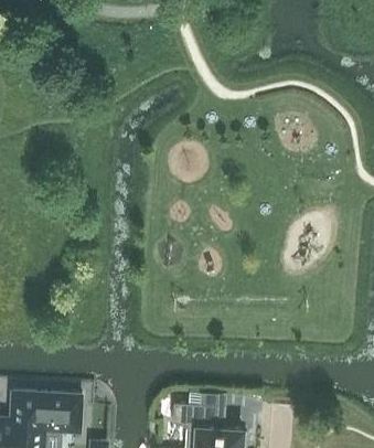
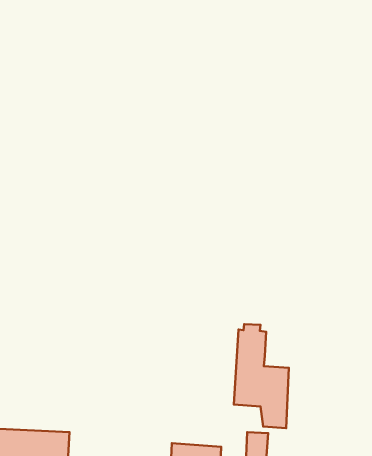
building: none -> [234,324,289,428]

